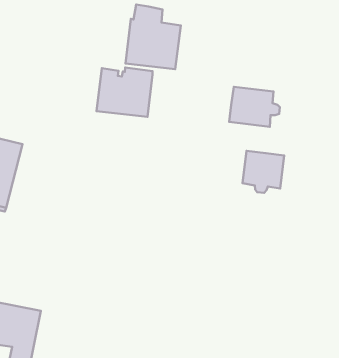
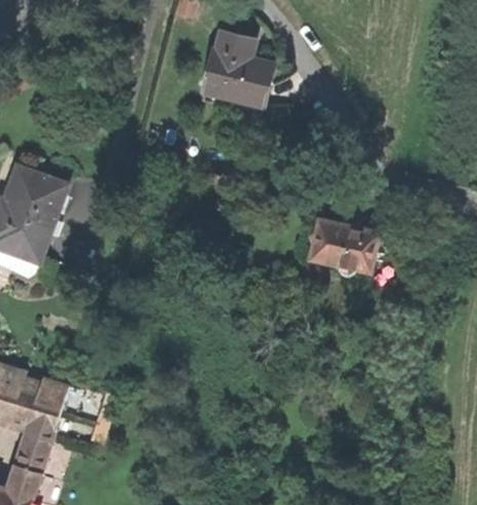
building: [96,67,153,117] -> none
building: [229,87,280,127] -> none

